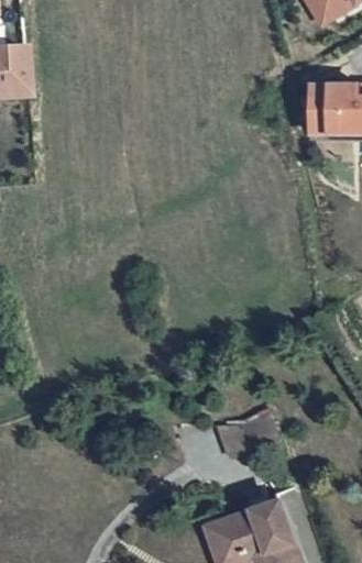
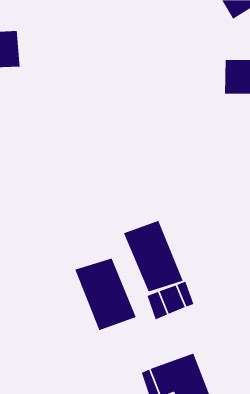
building: none -> [123,220,184,292]
building: none -> [74,257,137,331]

